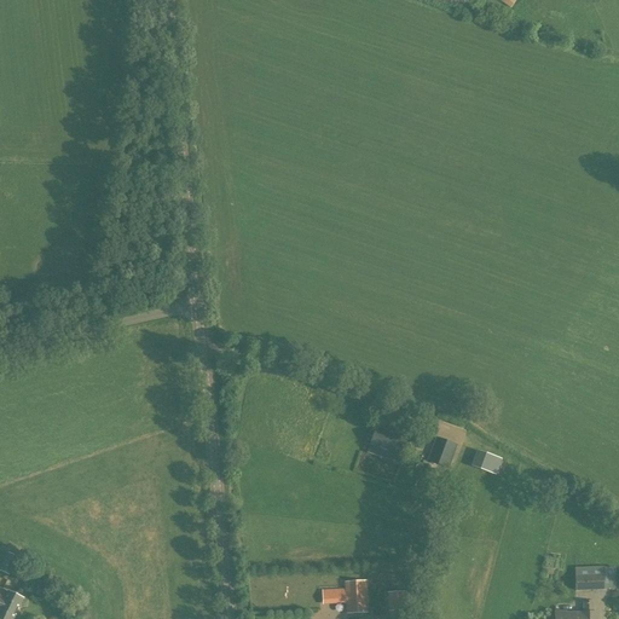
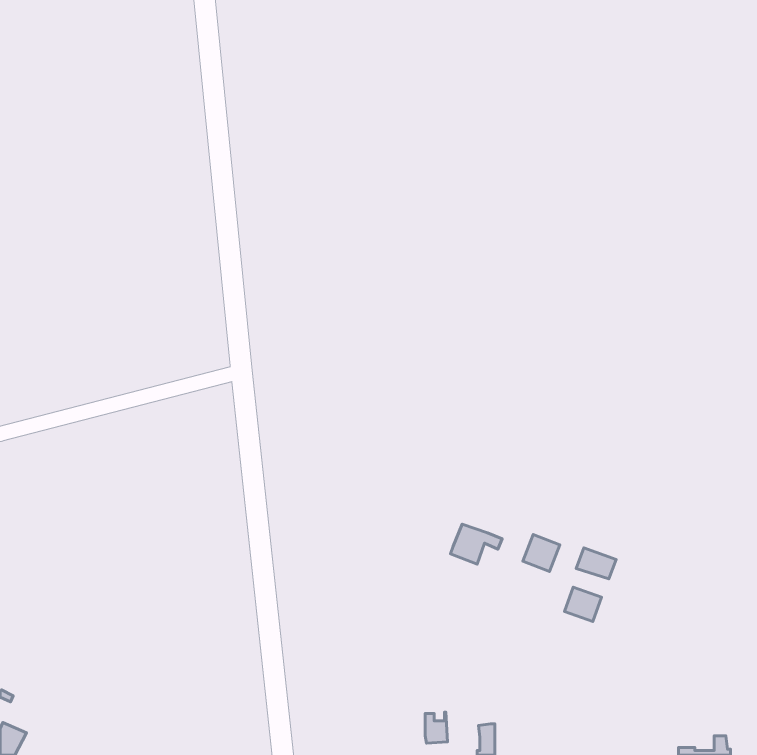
building: none -> [565,587,602,622]
building: [574,567,604,591] -> none

